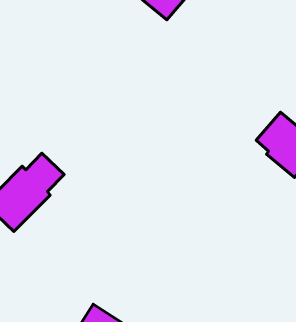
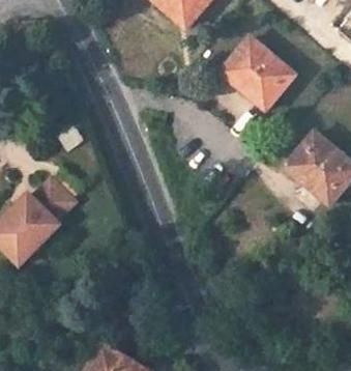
building: none -> [220,35,295,107]

